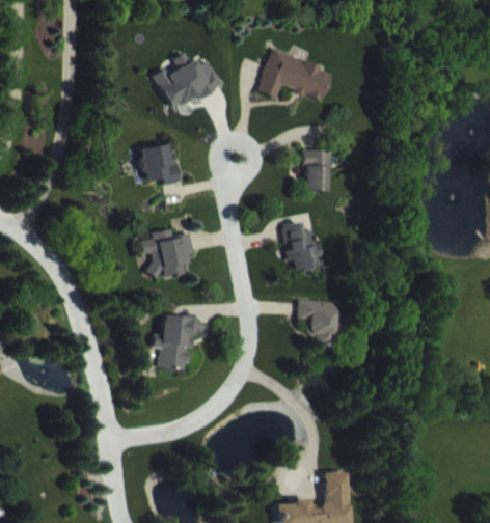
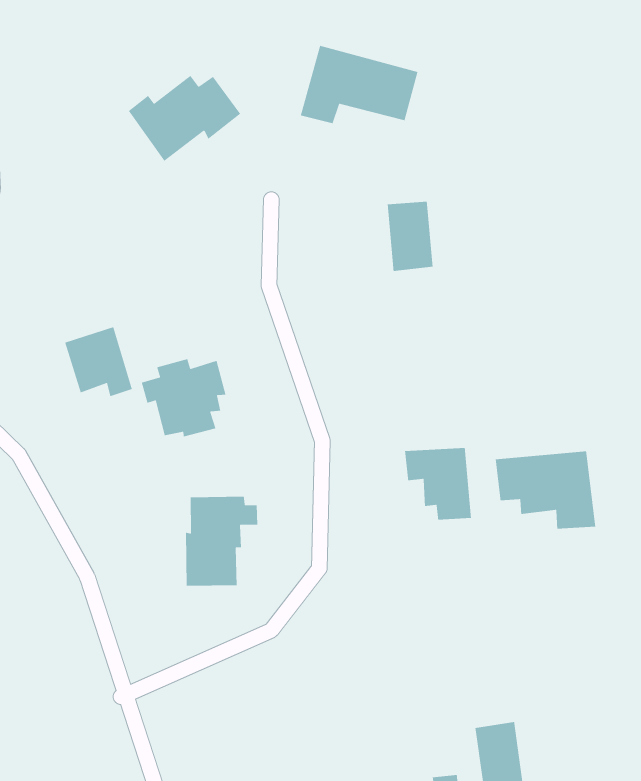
building: [139,143,178,186] -> [64,326,133,397]
building: [280,221,322,272] -> none
building: none -> [495,451,596,530]

